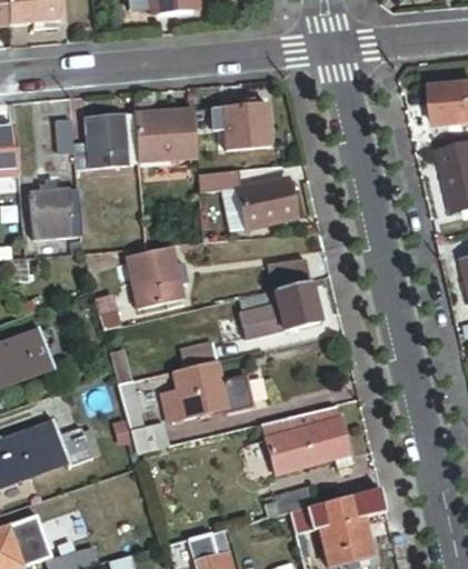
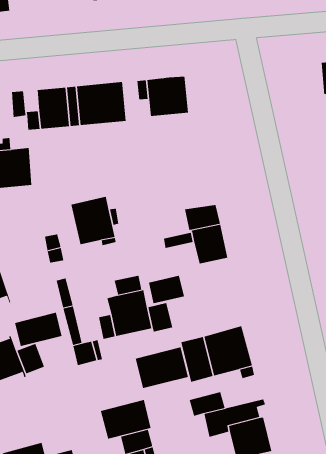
building: [198,169,296,229] -> none
building: [239,303,283,338] -> [148,275,185,304]
building: none -> [14,312,62,347]
building: none -> [135,347,189,389]
building: none -> [100,399,151,439]

